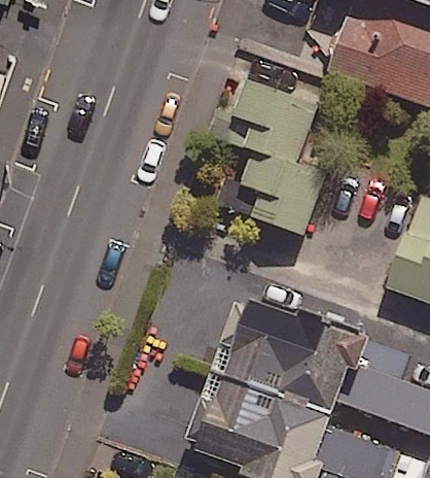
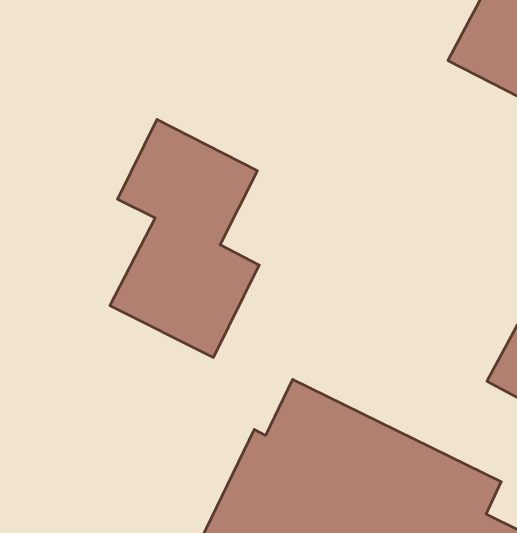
building: [224,78,328,237] -> [110,119,259,357]

